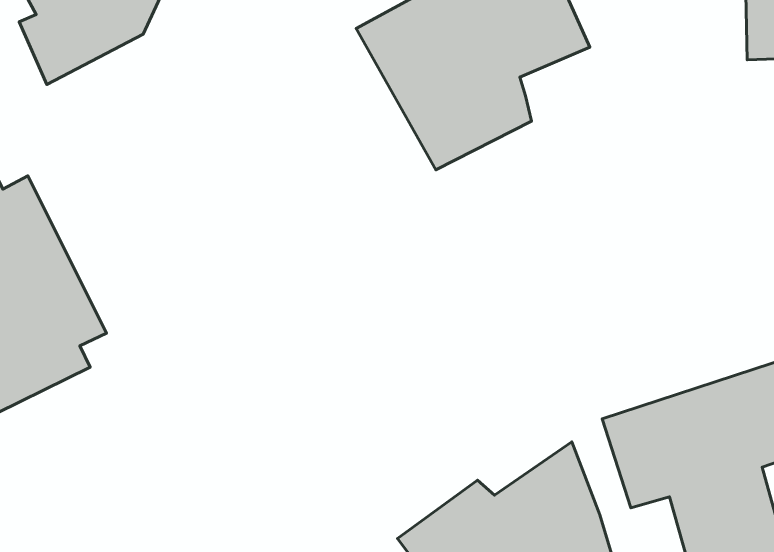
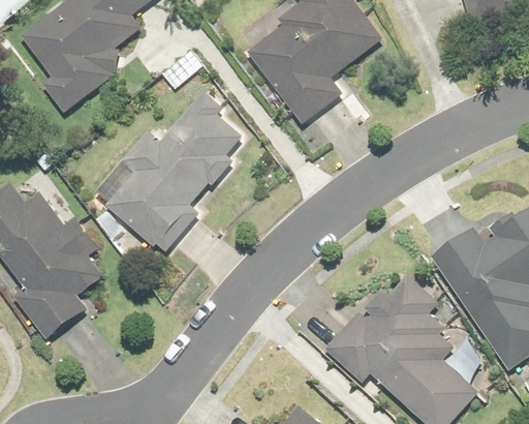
building: none -> [79,105,240,263]

